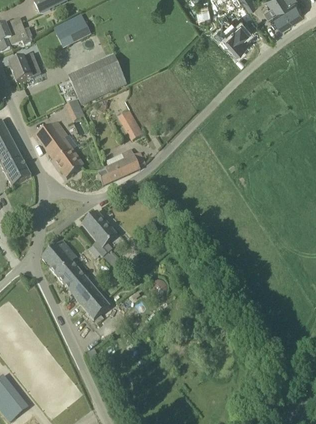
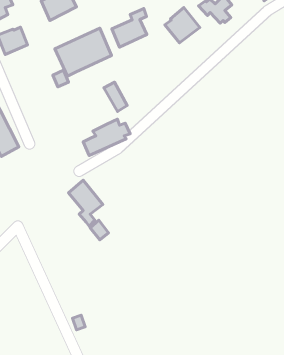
building: none -> [165,8,200,43]
building: none -> [112,8,147,47]
building: [35,124,82,178] -> none
building: [42,244,110,320] -> none

